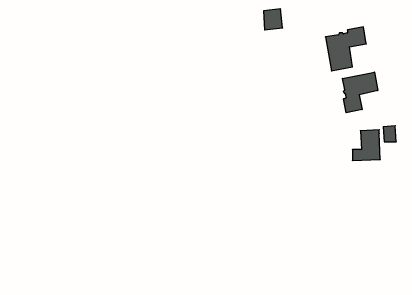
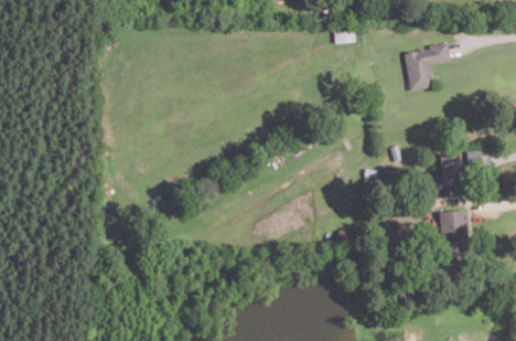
building: [342,72,378,113] -> none
building: none -> [439,211,471,258]

